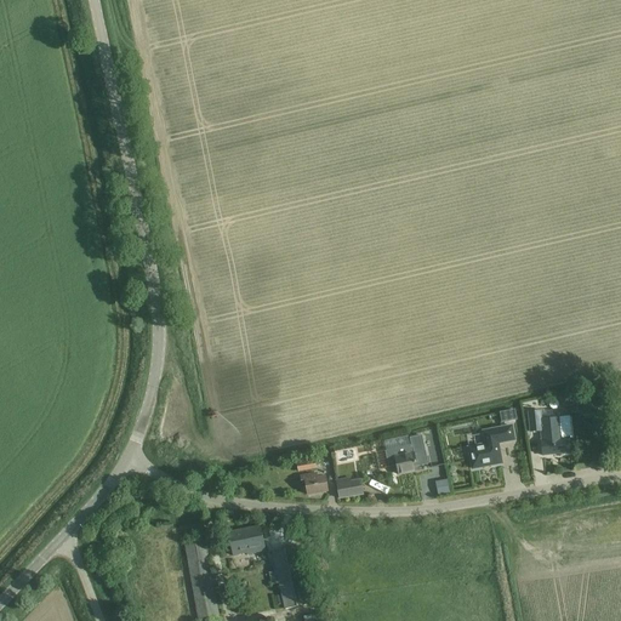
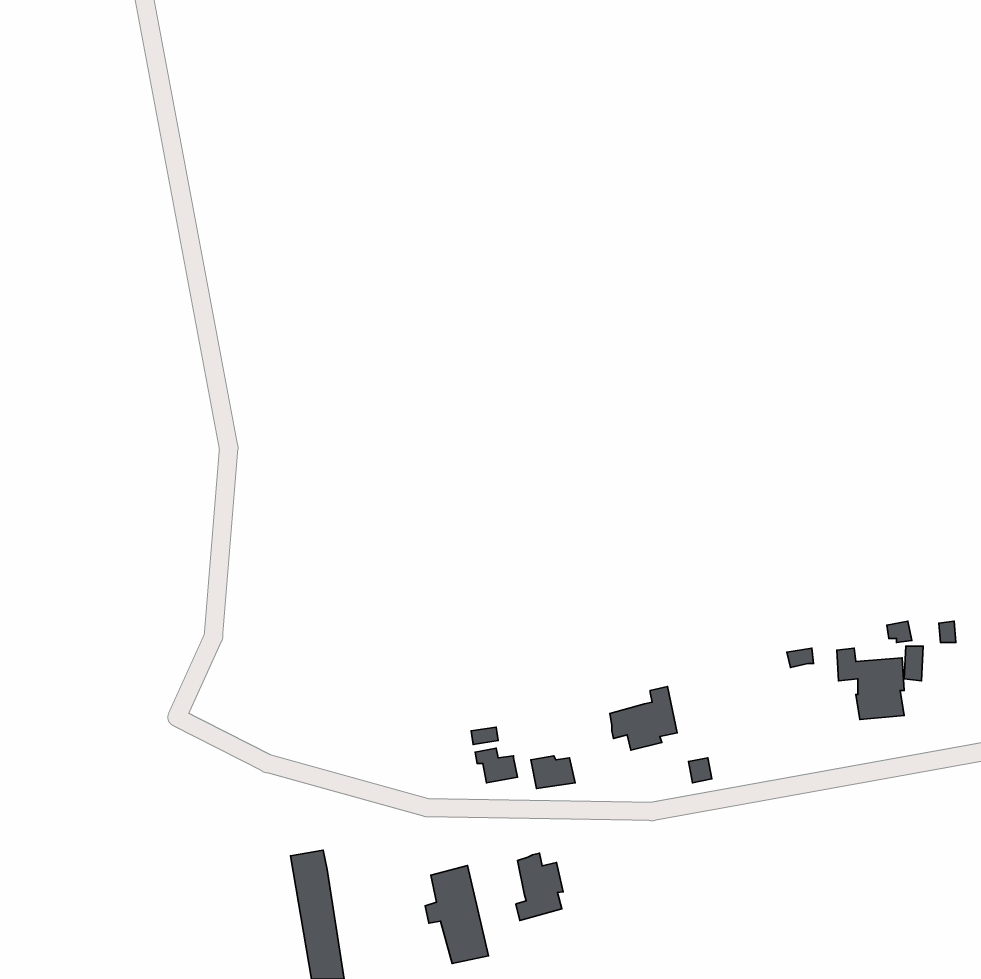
building: [467,425,513,467] -> none
building: [227,525,264,554] -> none
building: none -> [516,853,563,920]

